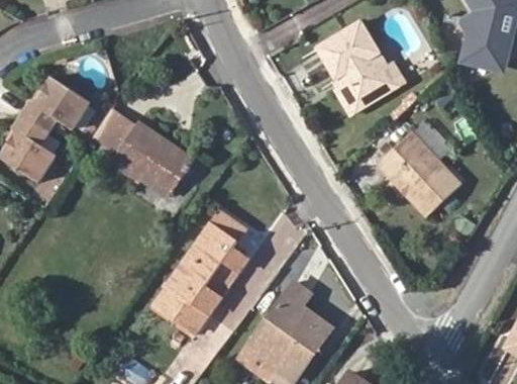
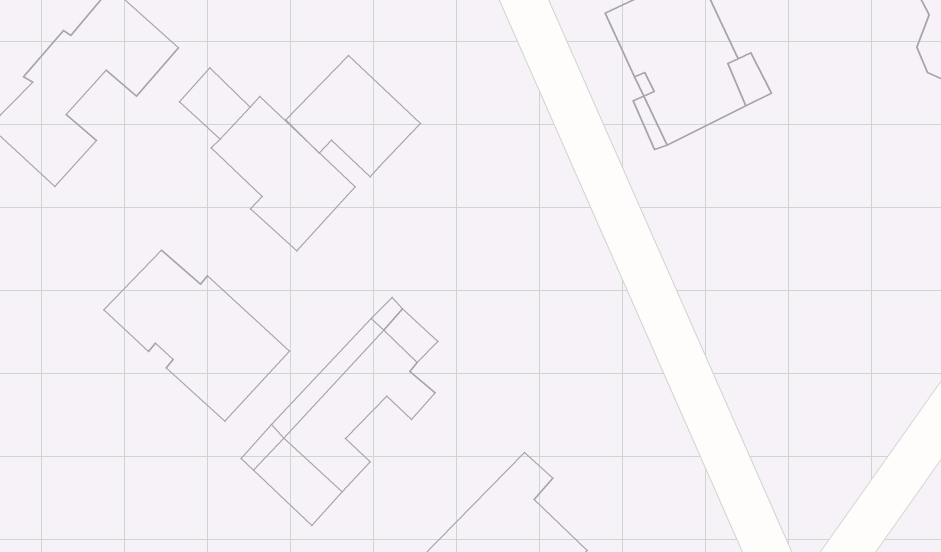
building: none -> [286,55,421,177]
building: [377,134,459,219] -> none
building: none -> [104,250,290,421]

